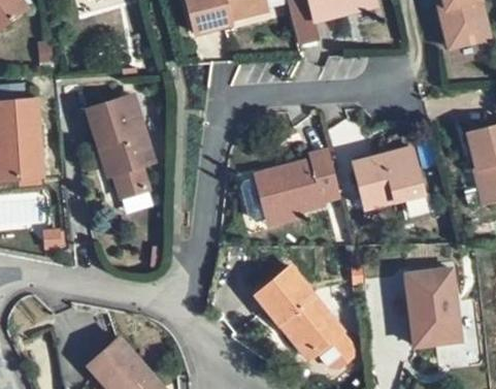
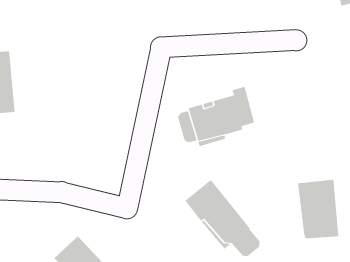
building: [82,96,146,196] -> none
building: [357,147,428,207] -> none

